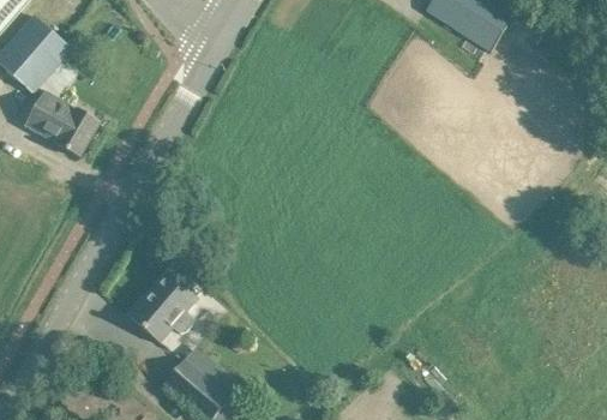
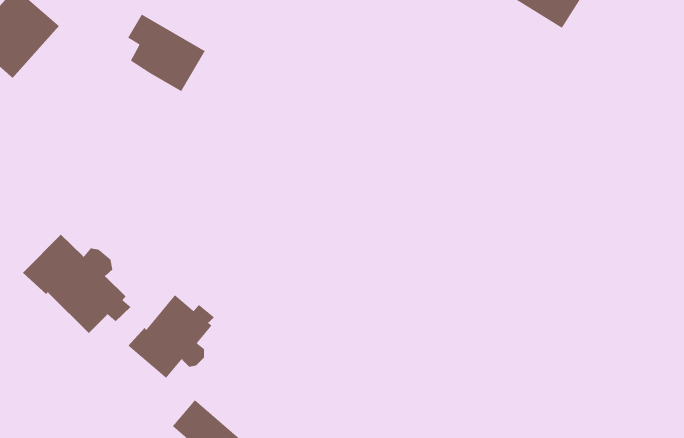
building: [32,89,98,155] -> [127,13,206,92]
building: none -> [22,234,132,334]

